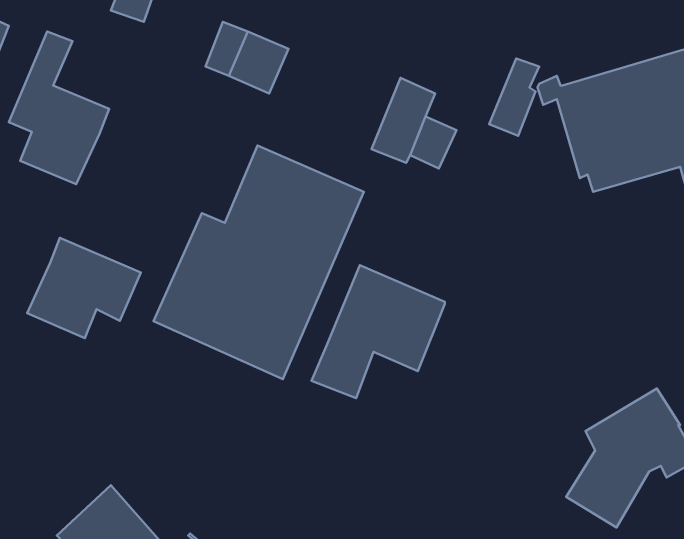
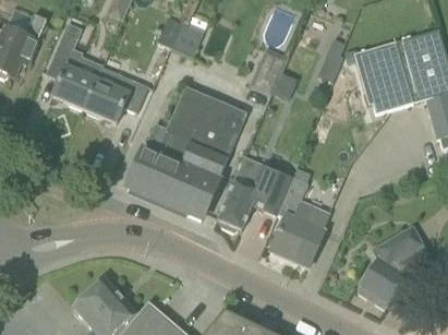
building: [27,238,141,338] -> [84,67,148,123]
building: none -> [270,177,330,267]

